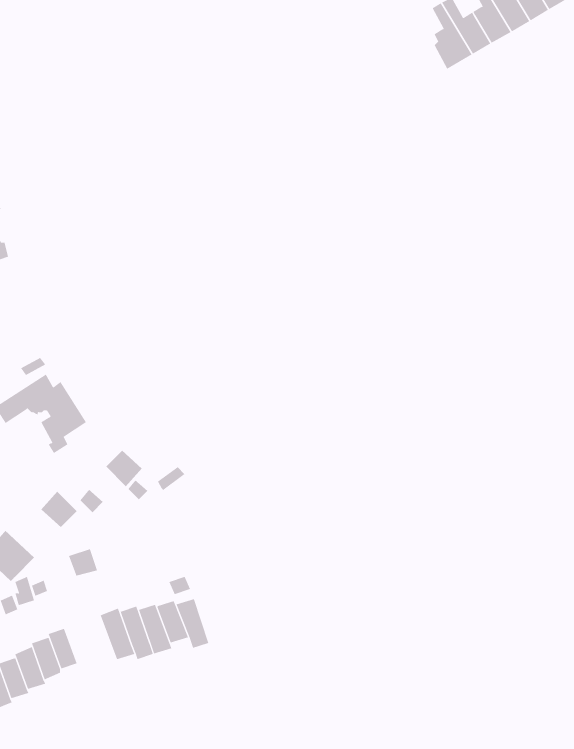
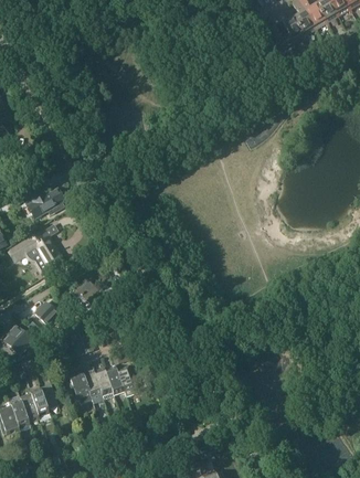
building: none -> [29,189,63,217]

